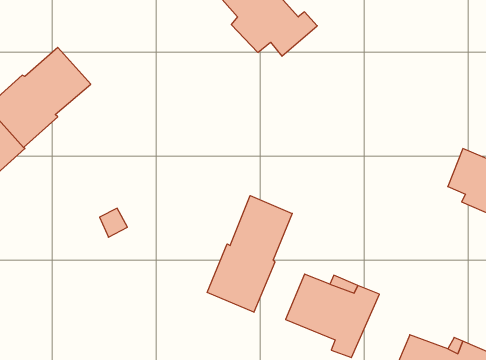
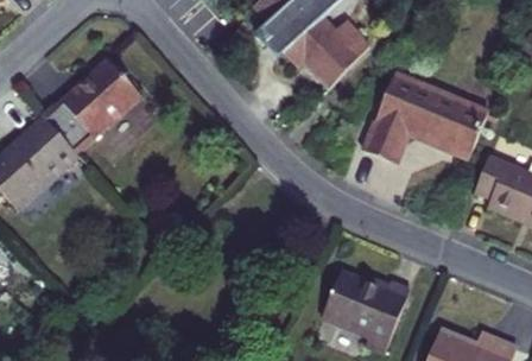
building: none -> [362,72,488,163]
building: [207,196,292,312] -> none

